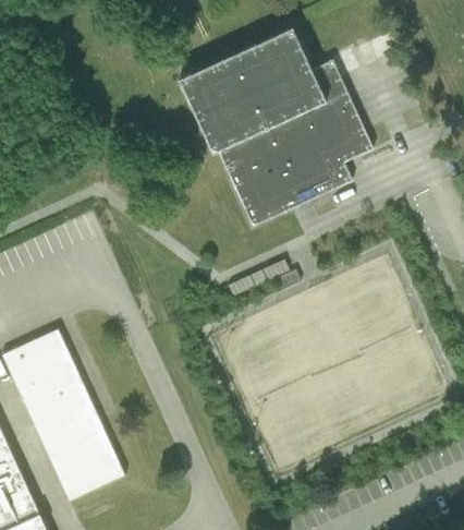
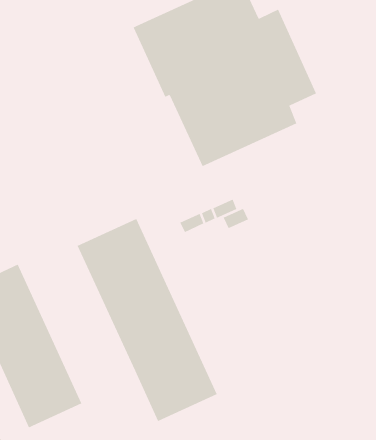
building: none -> [77,218,218,422]

